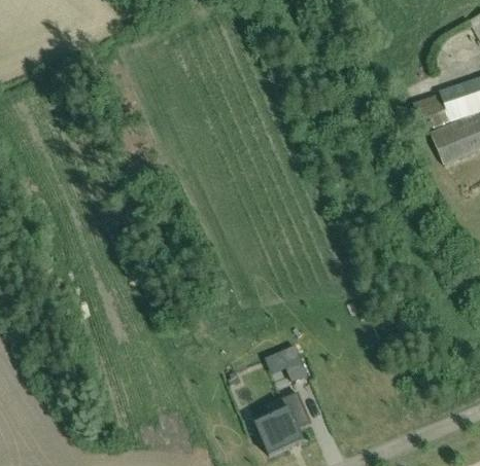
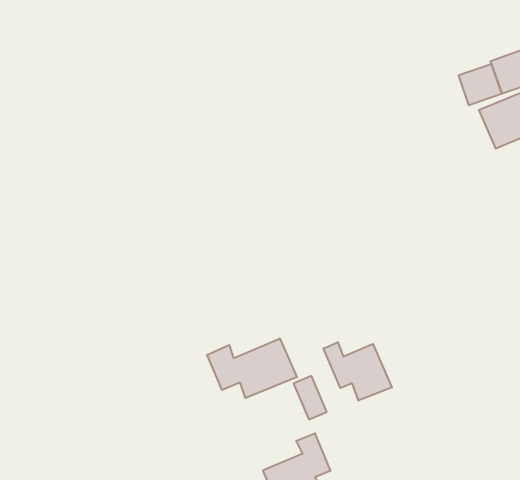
building: none -> [207,338,297,398]
building: none -> [323,342,392,401]

